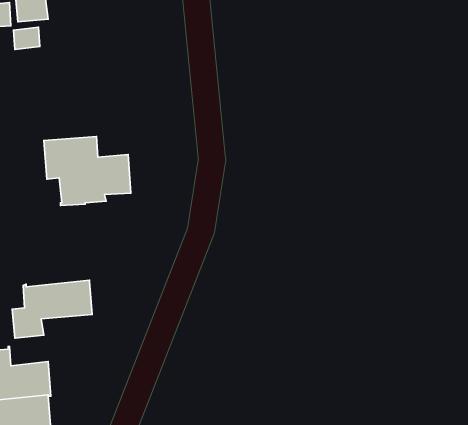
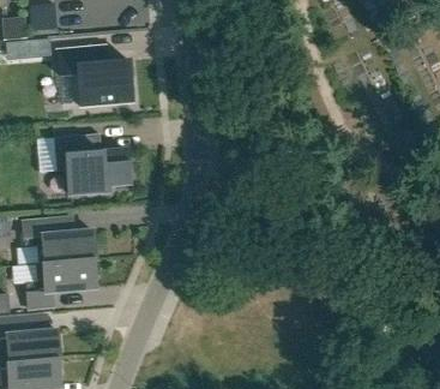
building: none -> [58,46,132,106]
building: none -> [23,219,96,264]

